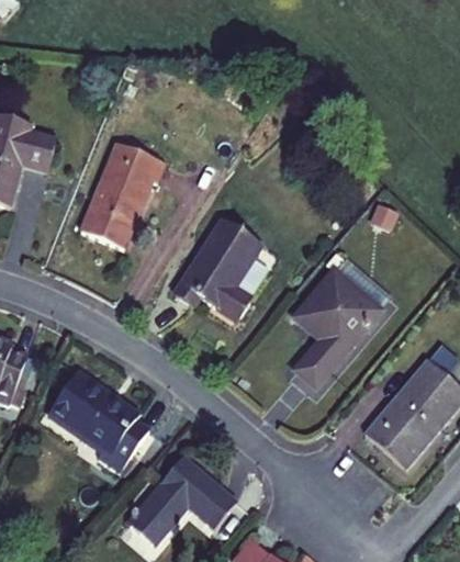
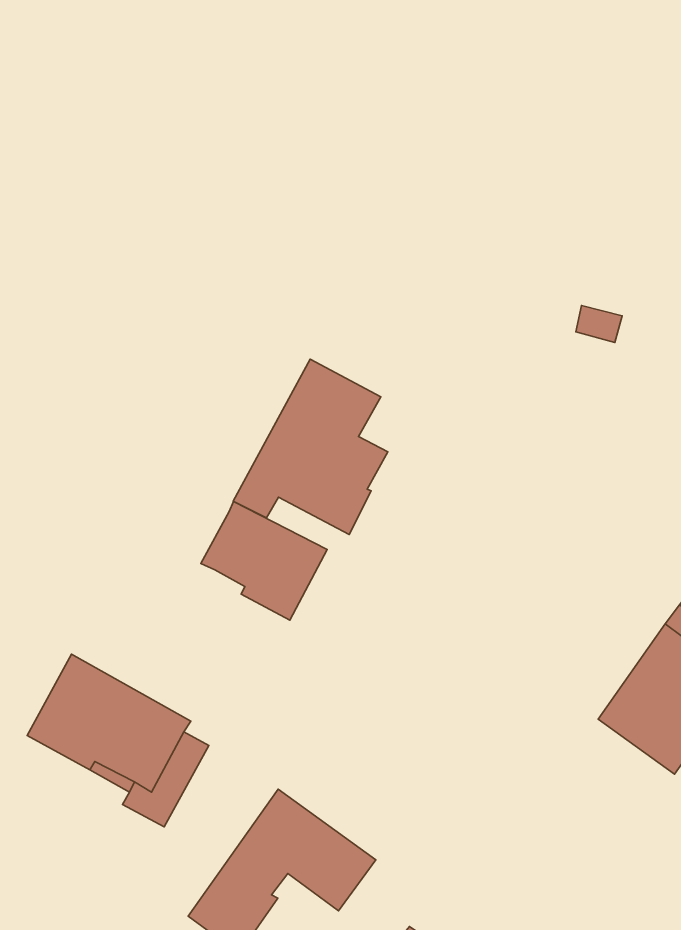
building: [81,140,165,246] -> none
building: [294,270,380,385] -> none
building: none -> [201,501,327,620]

